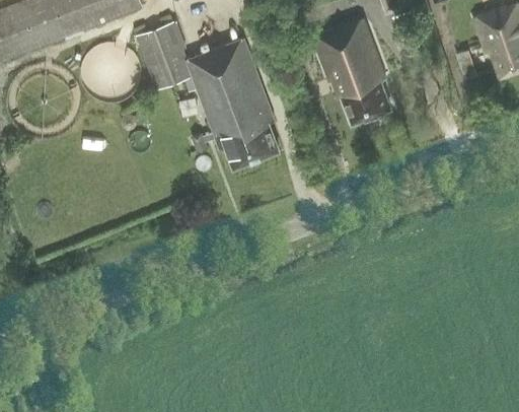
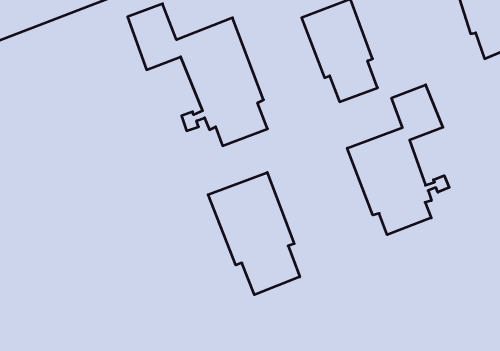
building: none -> [347,85,449,235]
building: none -> [208,172,300,295]

